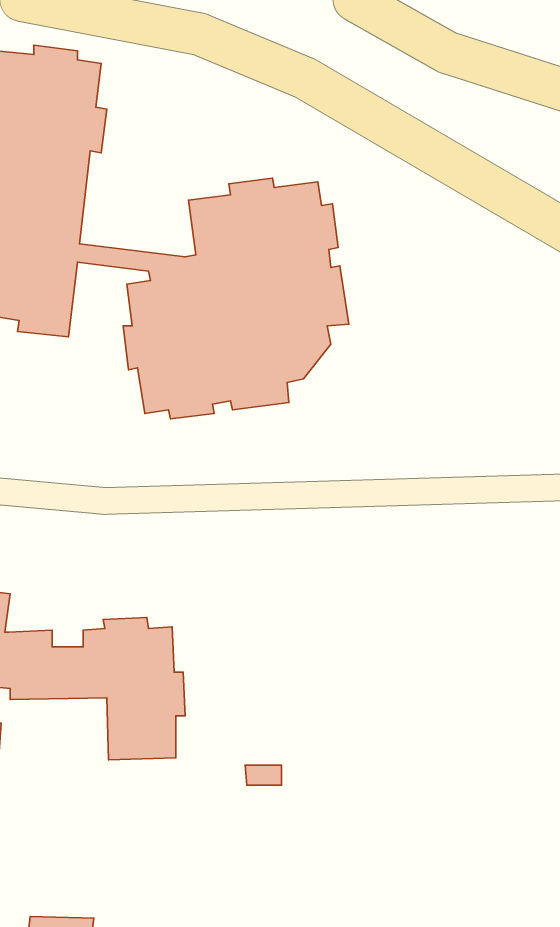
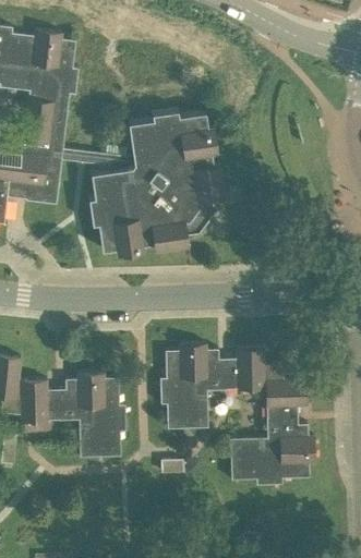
building: none -> [159,343,314,484]

